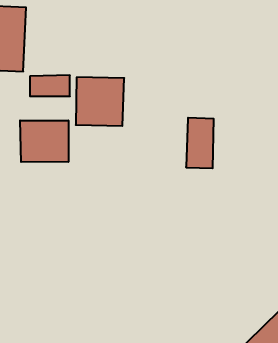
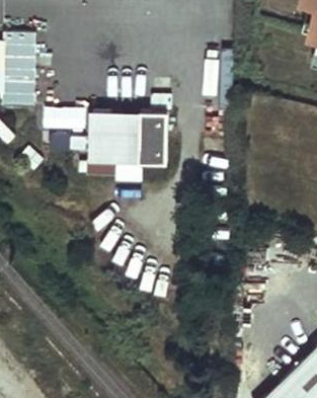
building: [186,118,214,168] -> [137,112,166,166]
building: [20,120,68,162] -> none

